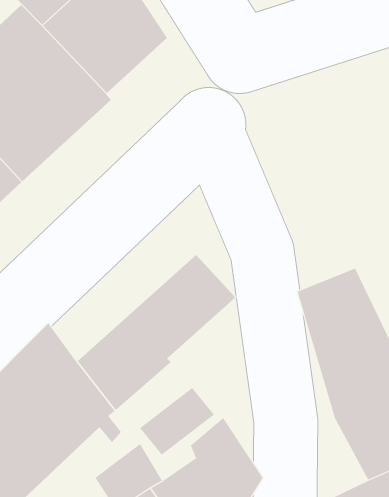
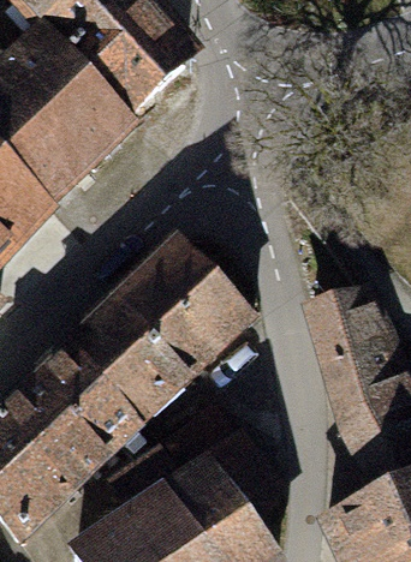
building: none -> [72,241,215,382]

